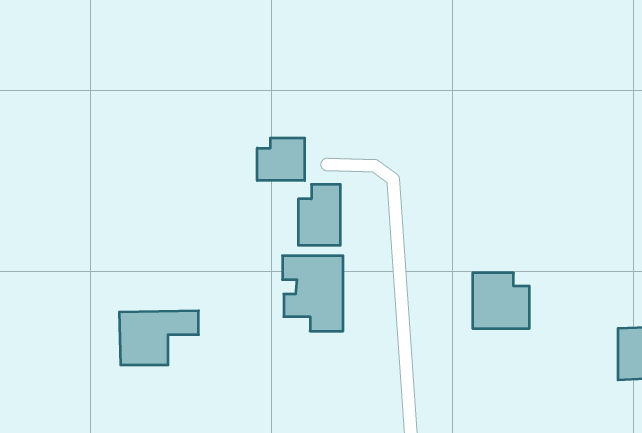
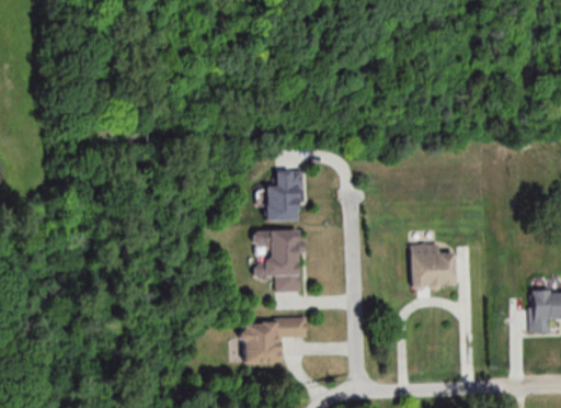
building: [257,138,305,181] -> none
building: [119,311,199,365] -> [241,317,307,362]

